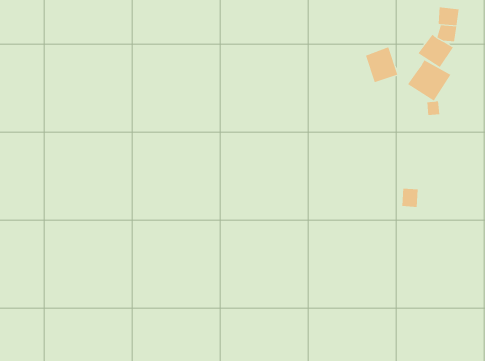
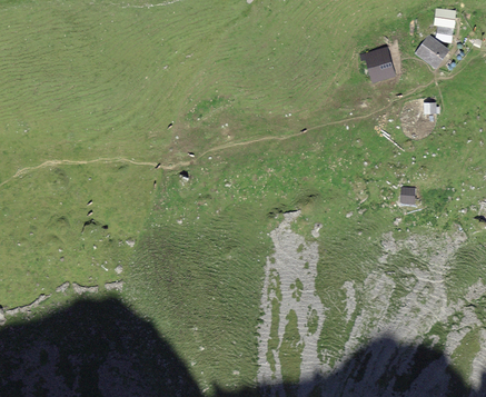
building: [407,59,451,101] -> none

